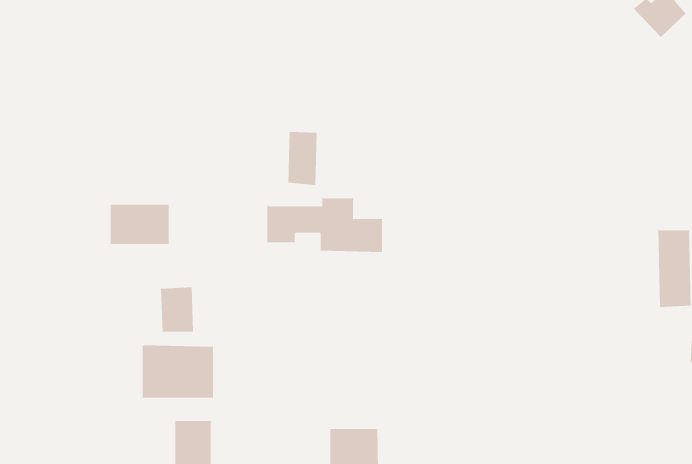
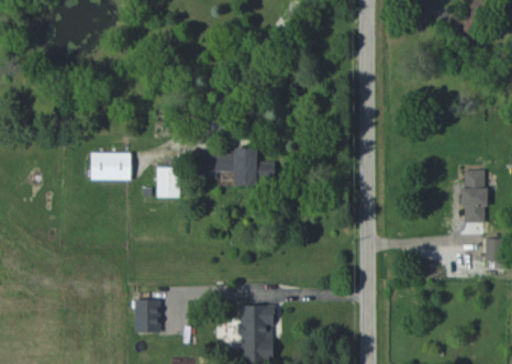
building: [288,131,317,186] -> none
building: [160,287,194,332] -> [156,167,179,198]
building: [142,345,213,399] -> none

